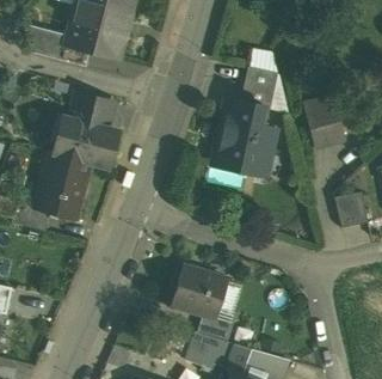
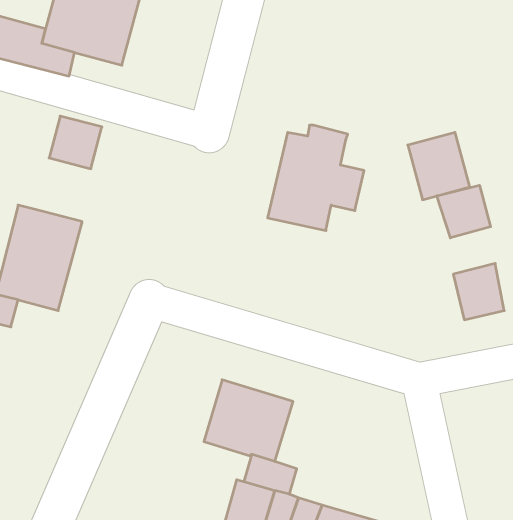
building: [242,67,277,109] -> none
building: [58,118,118,167] -> none
building: none -> [437,185,491,238]

